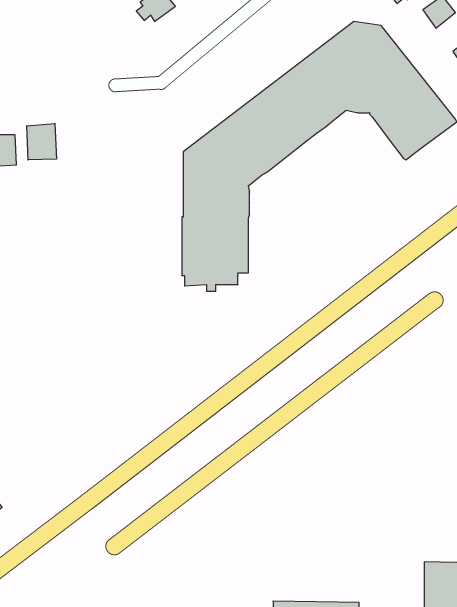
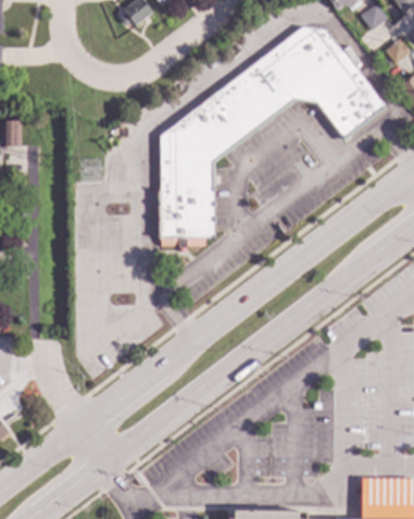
building: [27,123,56,160] -> none

